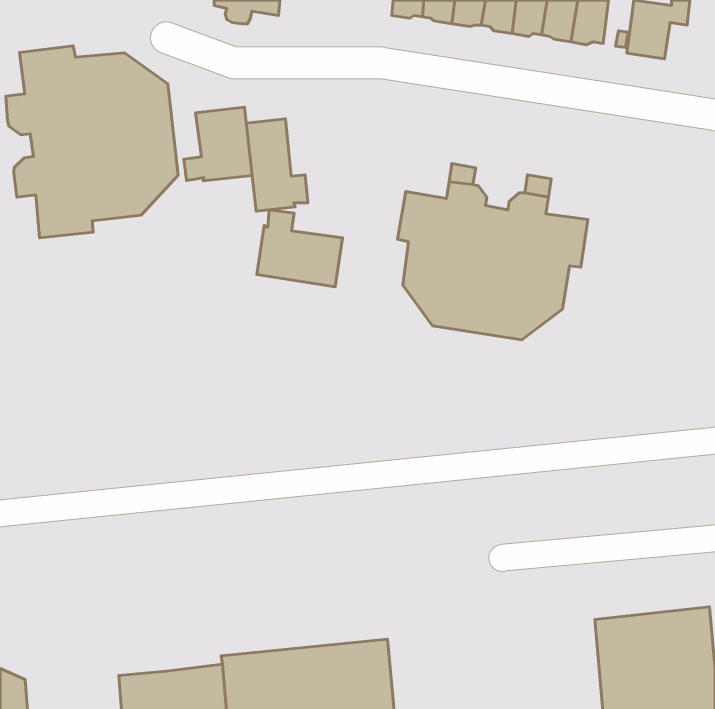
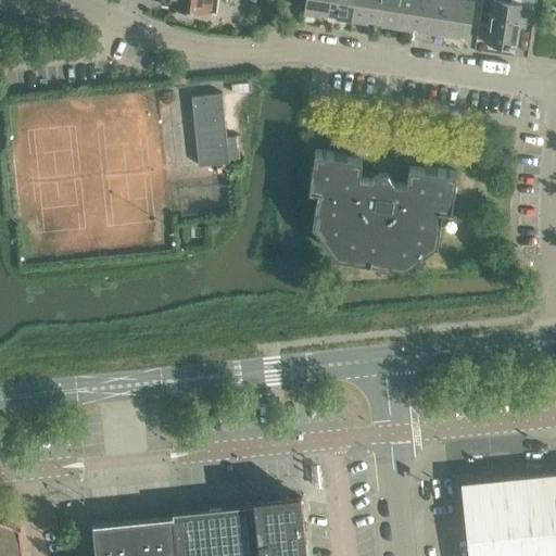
building: [6,46,178,238] -> none
building: [184,107,252,181] -> none
building: [257,210,343,287] -> none

